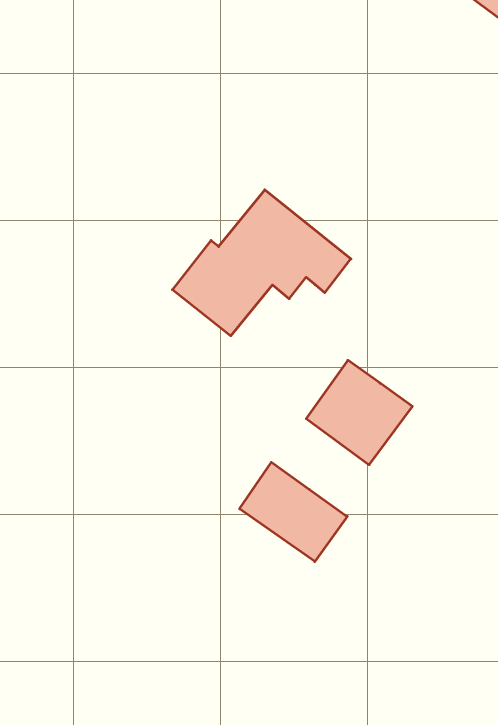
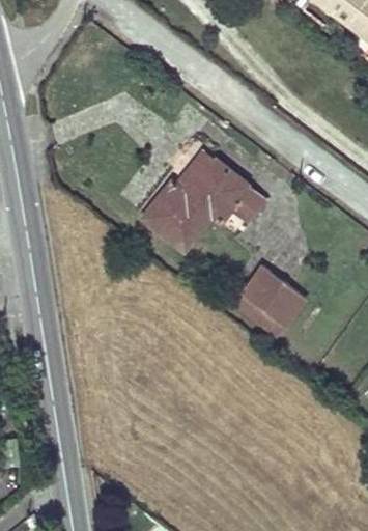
building: [240,462,347,562] -> none

